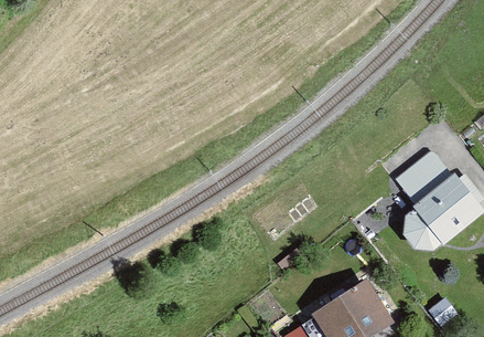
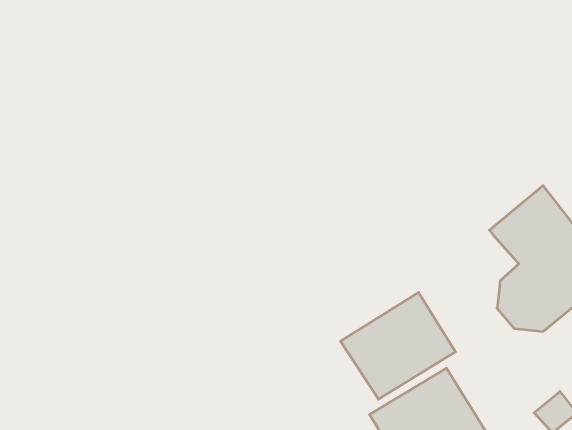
building: none -> [341,292,455,399]

